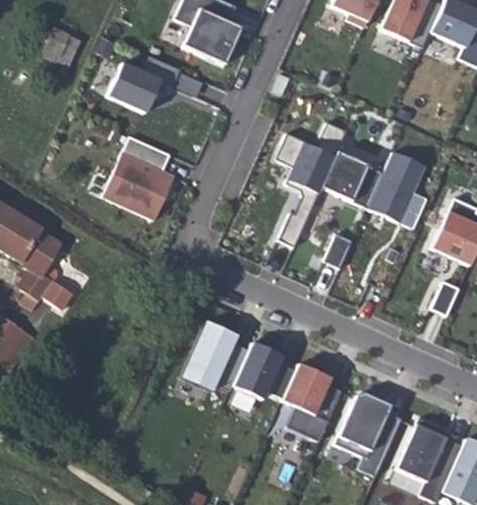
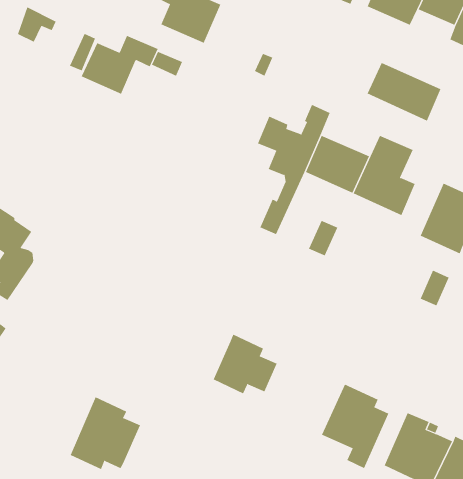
building: none -> [367,62,441,121]
building: [103,135,175,220] -> none
building: [181,322,249,392] -> [70,397,141,470]
building: [282,363,331,442] -> none

